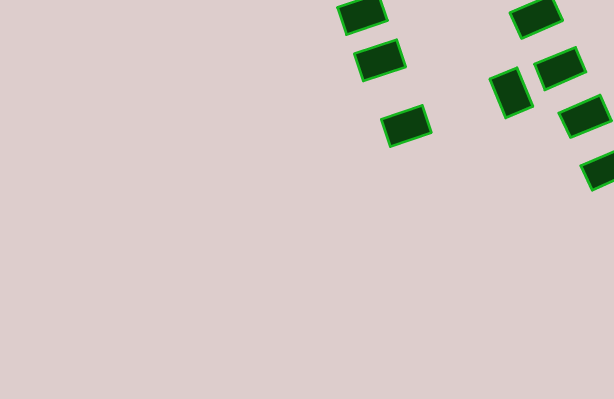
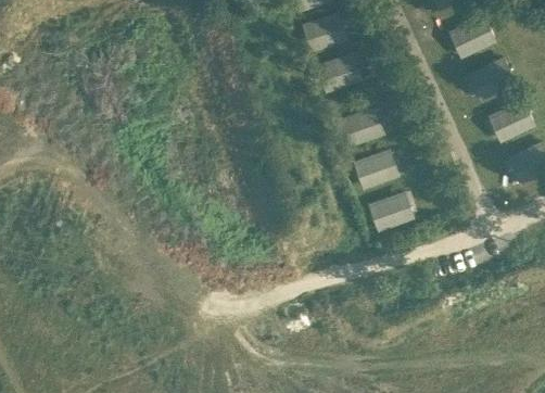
building: [490,68,533,118] -> none
building: none -> [354,153,397,188]
building: none -> [370,193,414,228]

